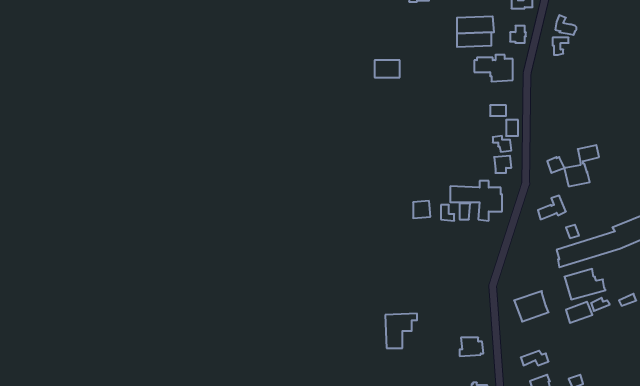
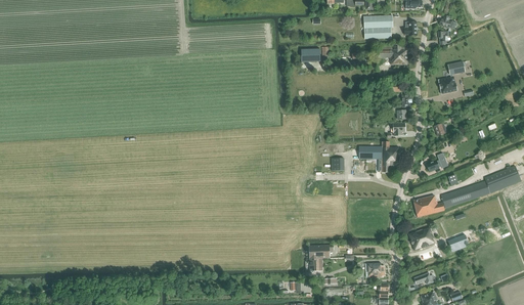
building: [565,145,599,186] -> [438,61,465,93]
building: [564,269,606,299] -> [412,193,444,217]

